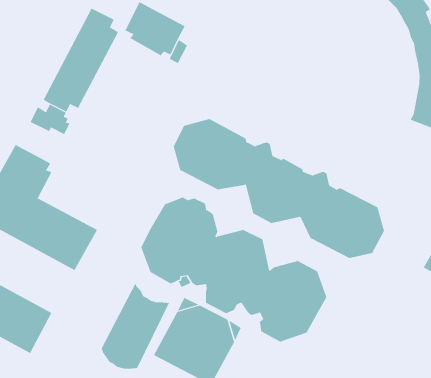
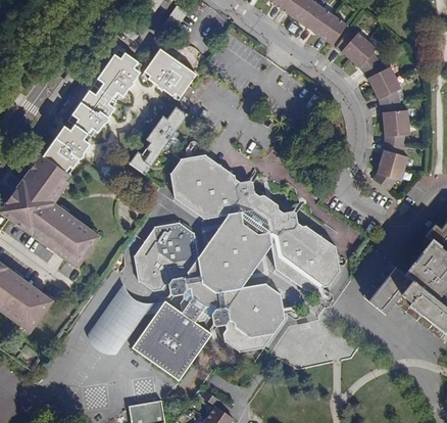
building: none -> [130,107,189,173]
building: none -> [43,138,83,172]
building: none -> [198,214,269,287]

